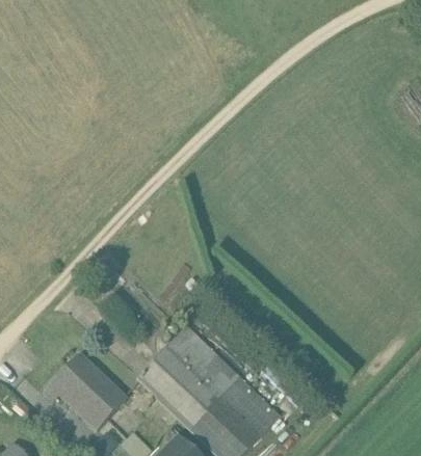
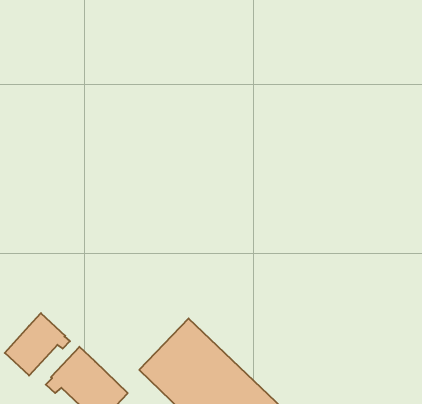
building: none -> [5,313,70,376]

